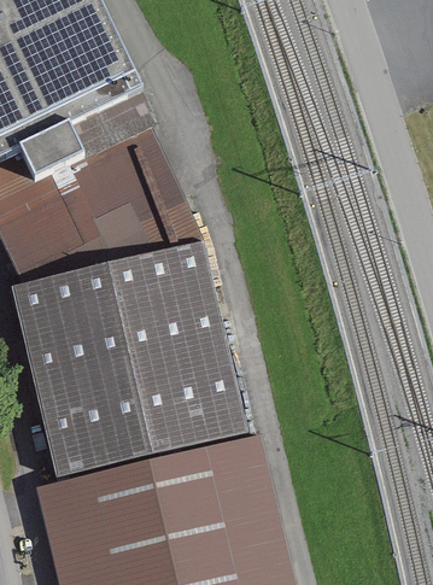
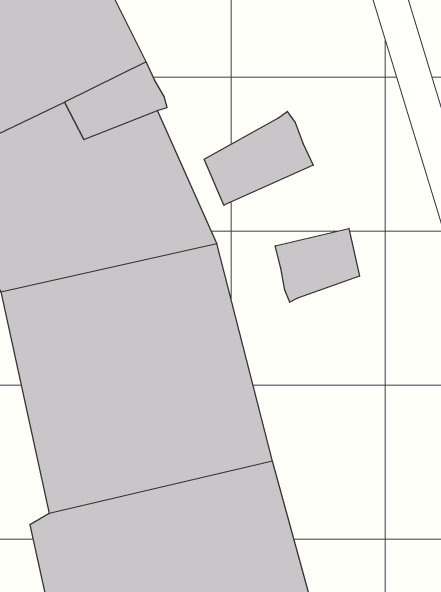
building: none -> [204,111,313,205]
building: none -> [275,228,359,302]

